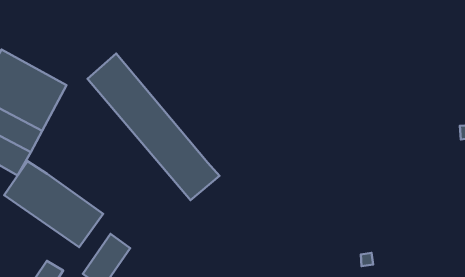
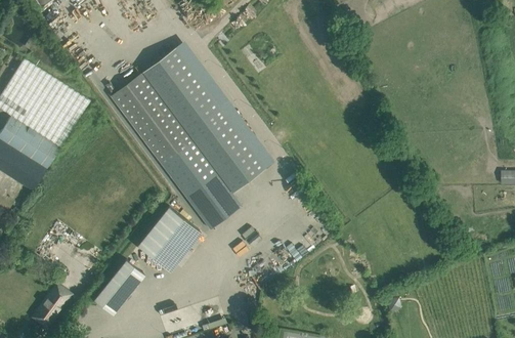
building: none -> [144,47,266,192]
building: [4,161,103,247] -> none
building: none -> [137,206,202,271]

